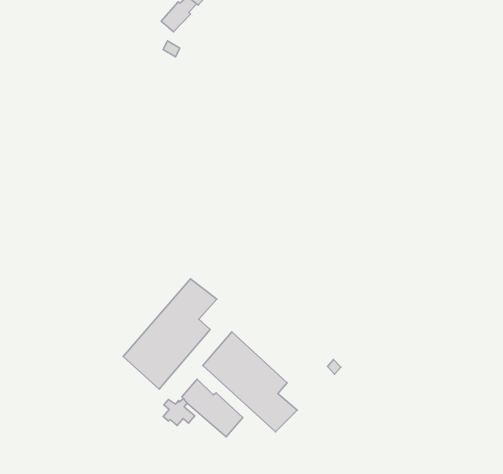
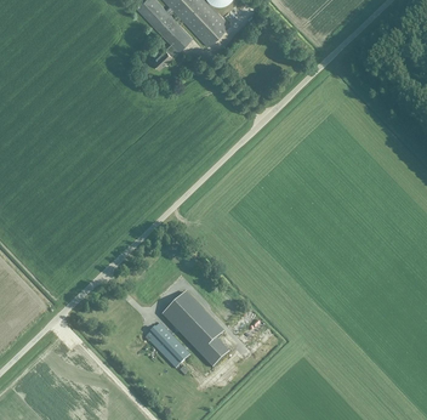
building: [123,279,217,389] -> none

